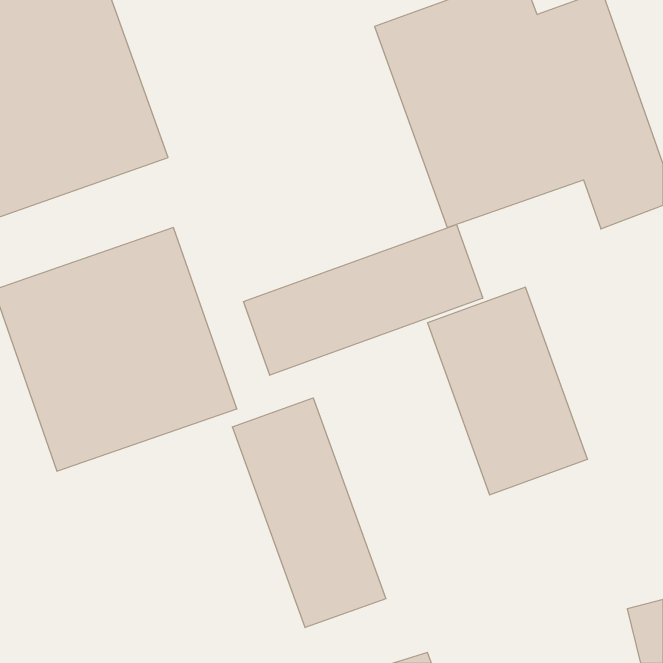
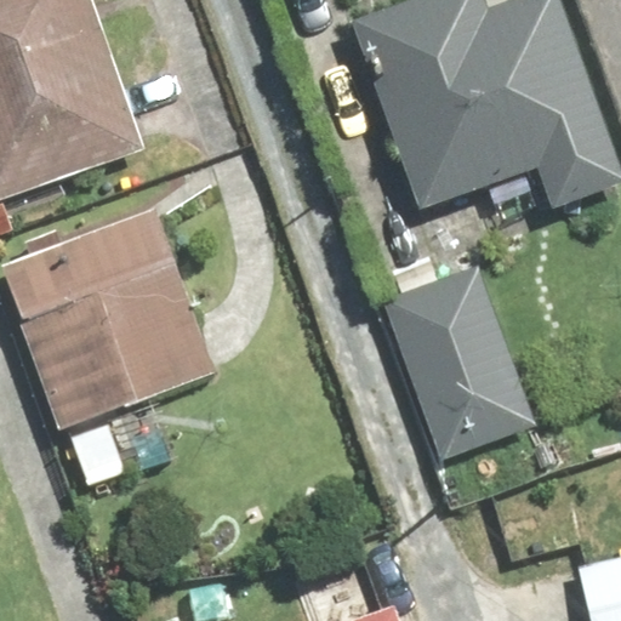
building: [243,224,483,375] -> none
building: [232,398,386,628] -> none

